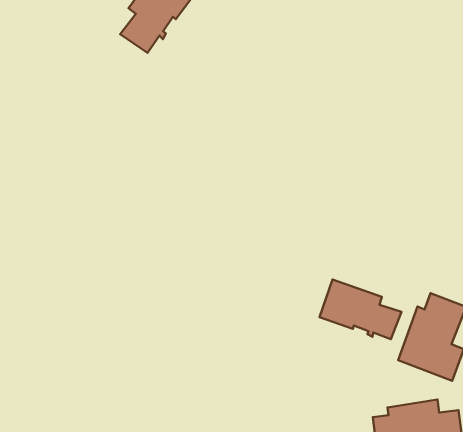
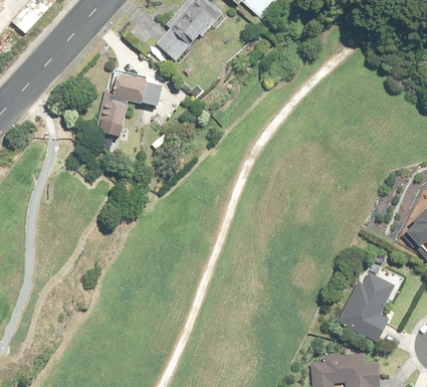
building: none -> [101,73,163,138]
building: [320,279,401,339] -> none

